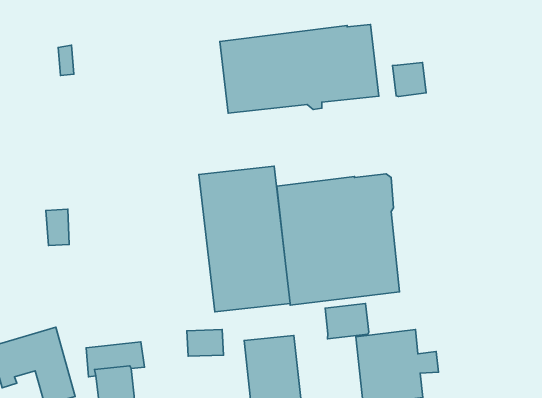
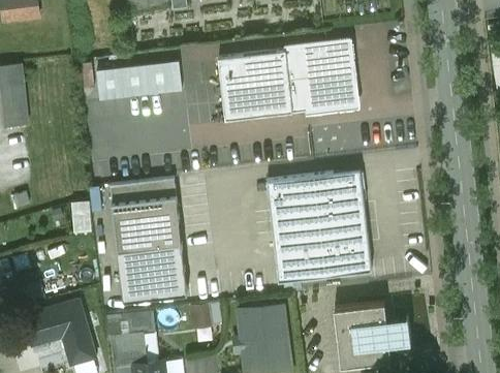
building: none -> [97,62,181,99]
building: [392,62,426,96] -> none
building: [199,166,290,312] -> [110,178,187,302]
building: [325,304,369,339] -> none

